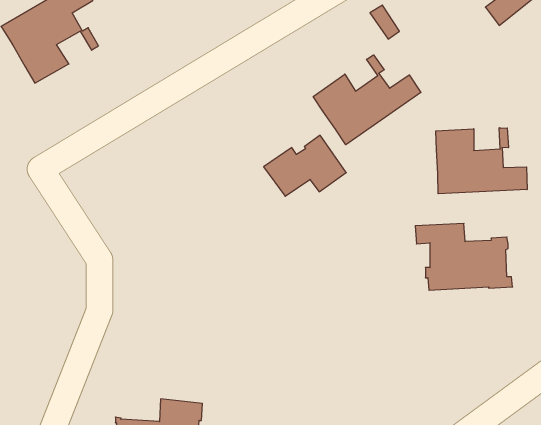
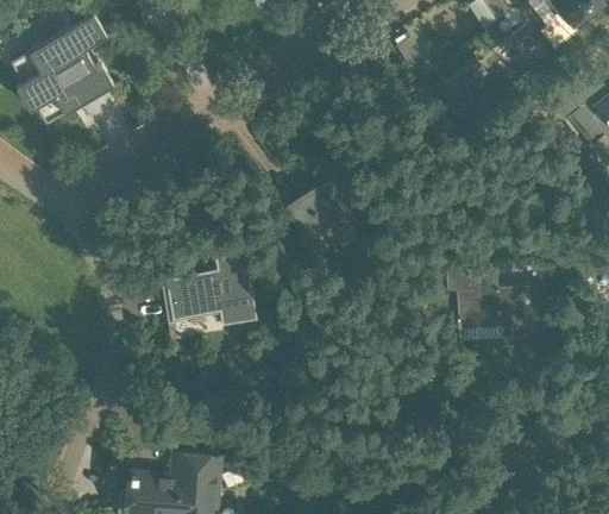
building: [313,55,421,145] -> none
building: [436,128,527,194] -> none
building: none -> [164,255,253,325]

